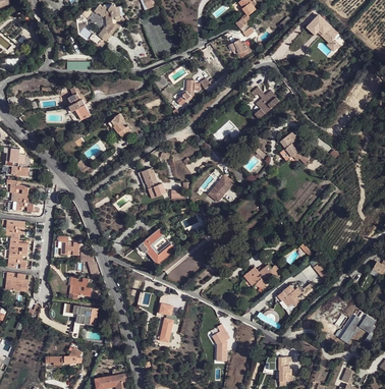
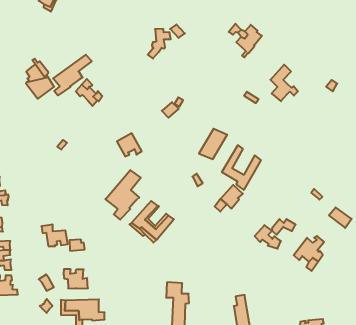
building: none -> [53,55,92,95]
building: none -> [222,145,261,190]
building: none -> [105,170,141,220]

